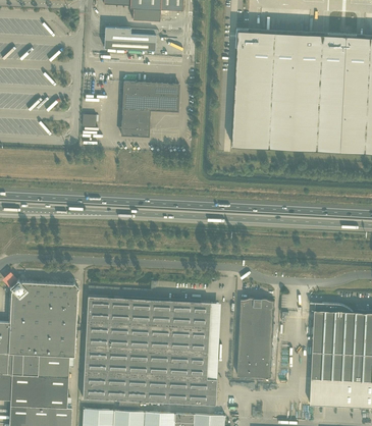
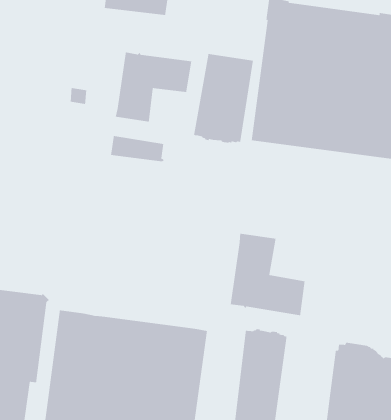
building: none -> [193,53,254,144]
building: none -> [110,135,165,162]
building: none -> [230,233,306,316]

